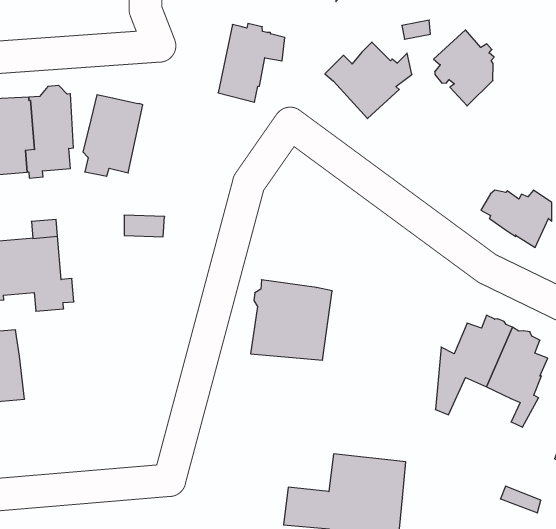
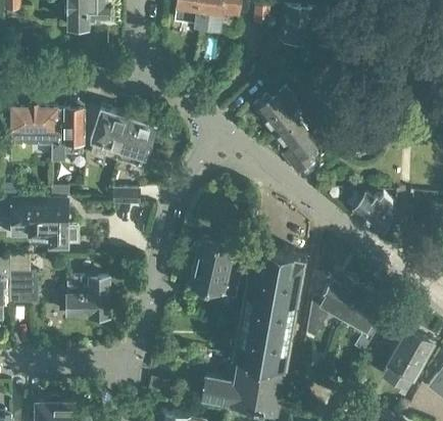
building: [218,23,285,102] -> [118,118,165,170]
building: [434,30,494,106] -> [279,122,318,172]
building: none -> [222,246,307,367]
building: none -> [59,279,109,327]

